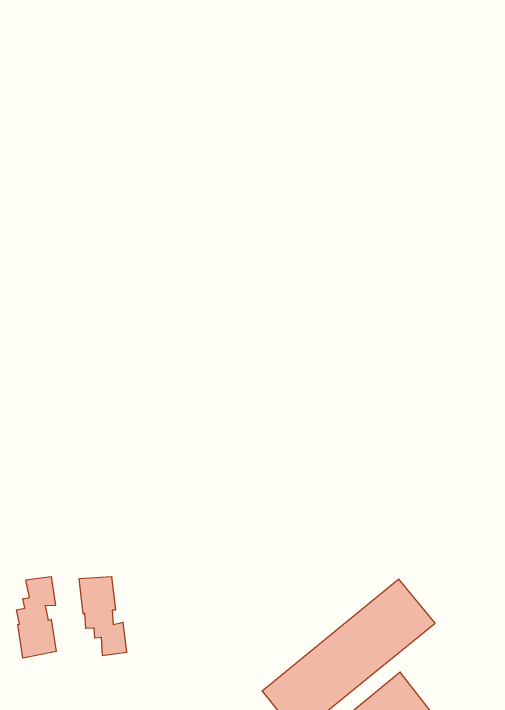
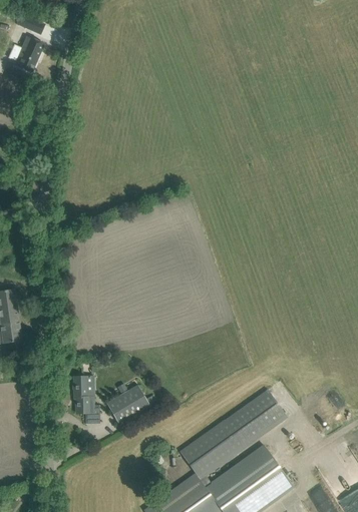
building: [16,577,56,658] -> none
building: none -> [105,384,149,425]

